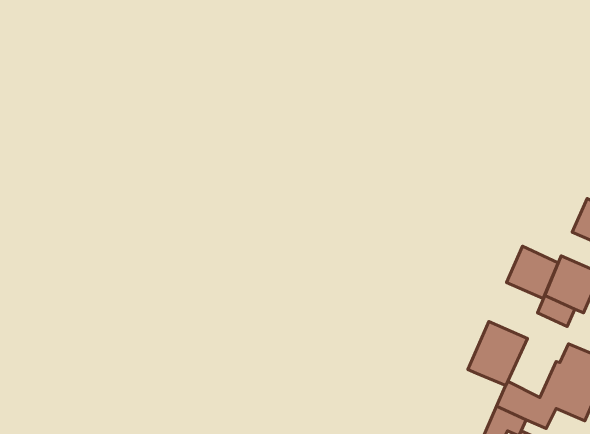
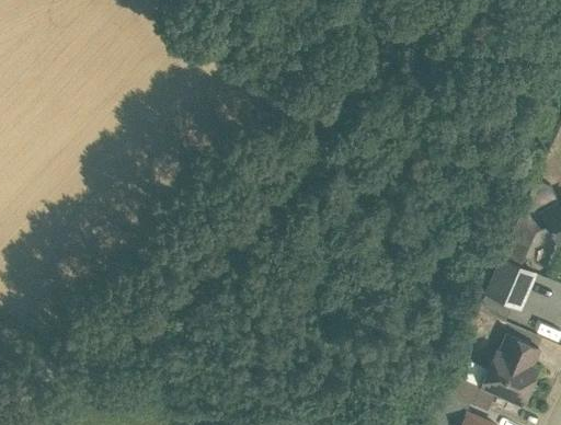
building: [507,246,558,299] -> none
building: [468,322,527,385] -> none

